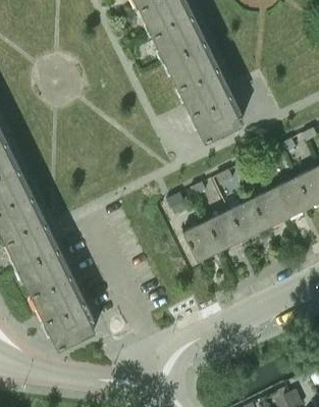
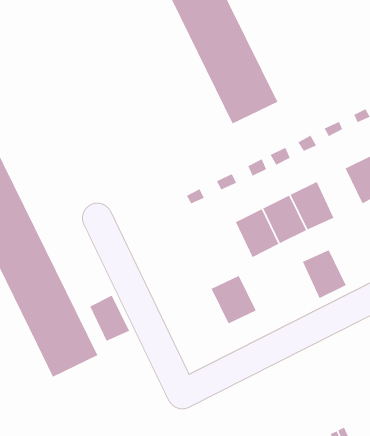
building: [274,176,311,217] -> [302,249,347,299]
building: [183,220,221,261] -> [211,275,257,325]
building: none -> [89,295,130,342]

